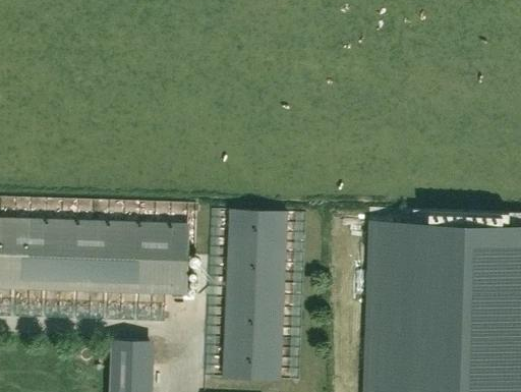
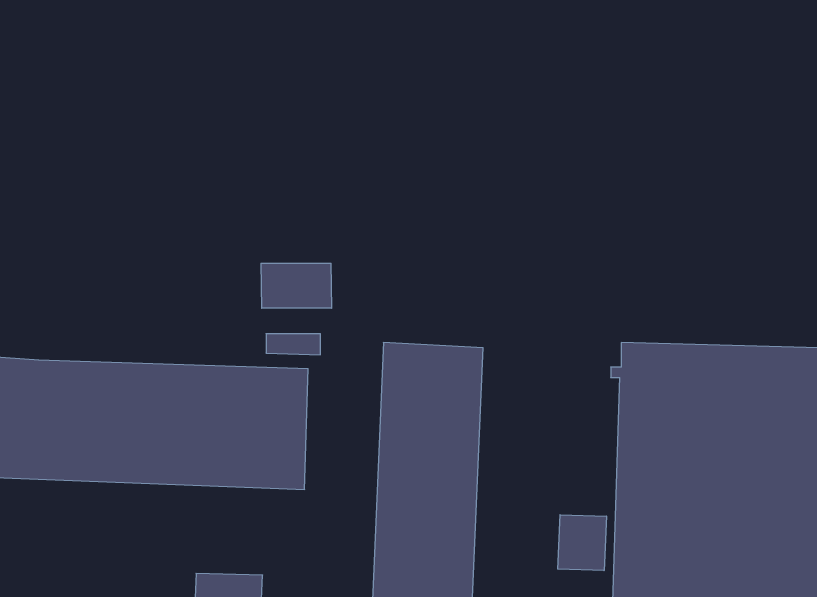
building: none -> [261,263,332,308]
building: none -> [558,515,606,571]

